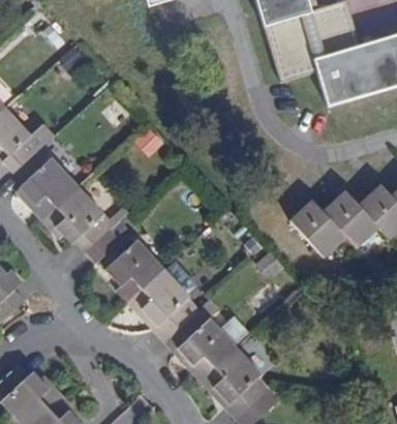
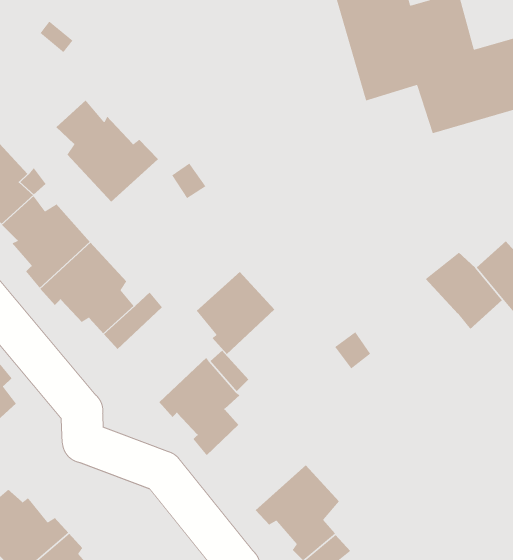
building: none -> [56,100,159,202]
building: [292,201,346,259] -> none
building: [105,241,163,302] -> [196,271,275,355]
building: [163,319,236,381] -> none

